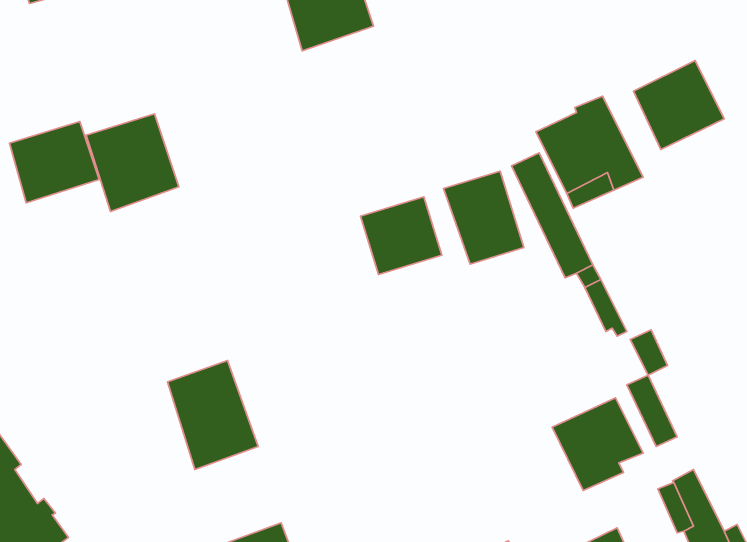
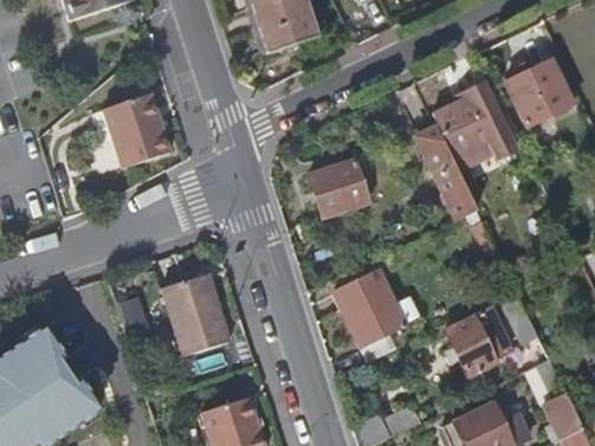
building: [10,122,99,203] -> none
building: [444,171,524,264] -> none
building: none -> [331,271,409,362]

